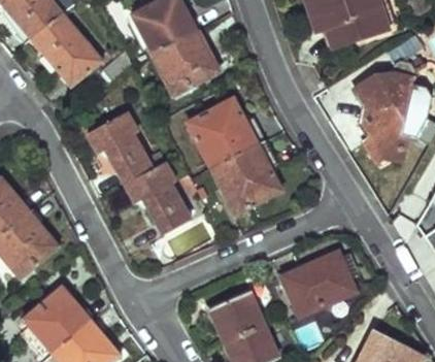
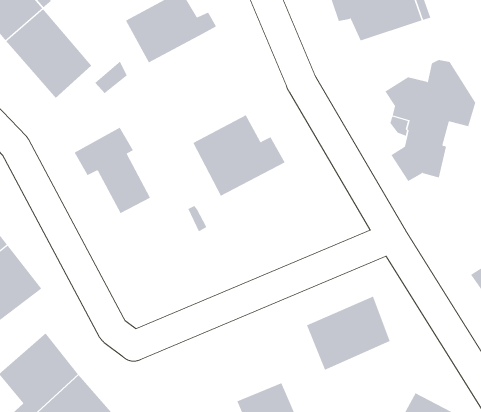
building: [150,33,221,99] -> none
building: [211,141,281,215] -> none
building: [127,163,191,235] -> none
building: [210,293,263,342] -> none

